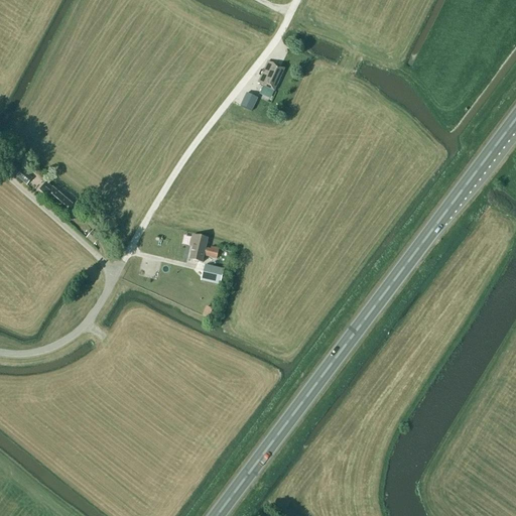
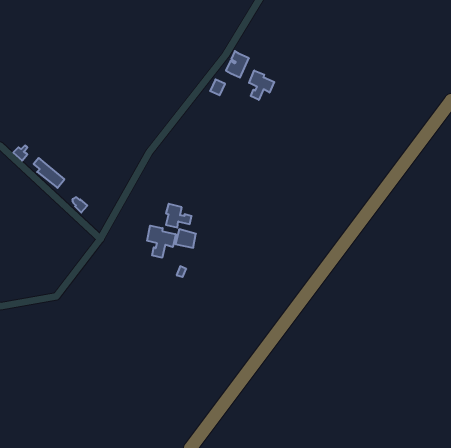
building: none -> [249,70,274,100]
building: none -> [147,226,176,258]

